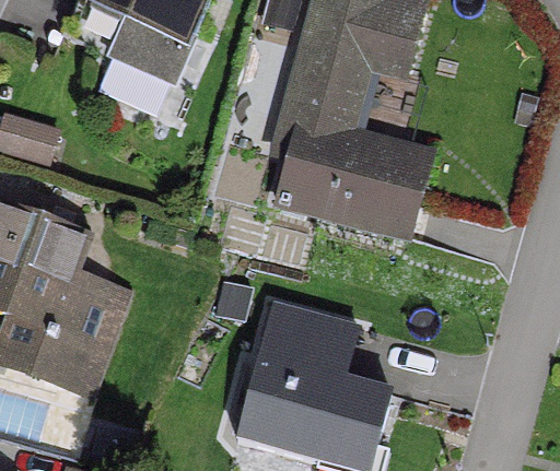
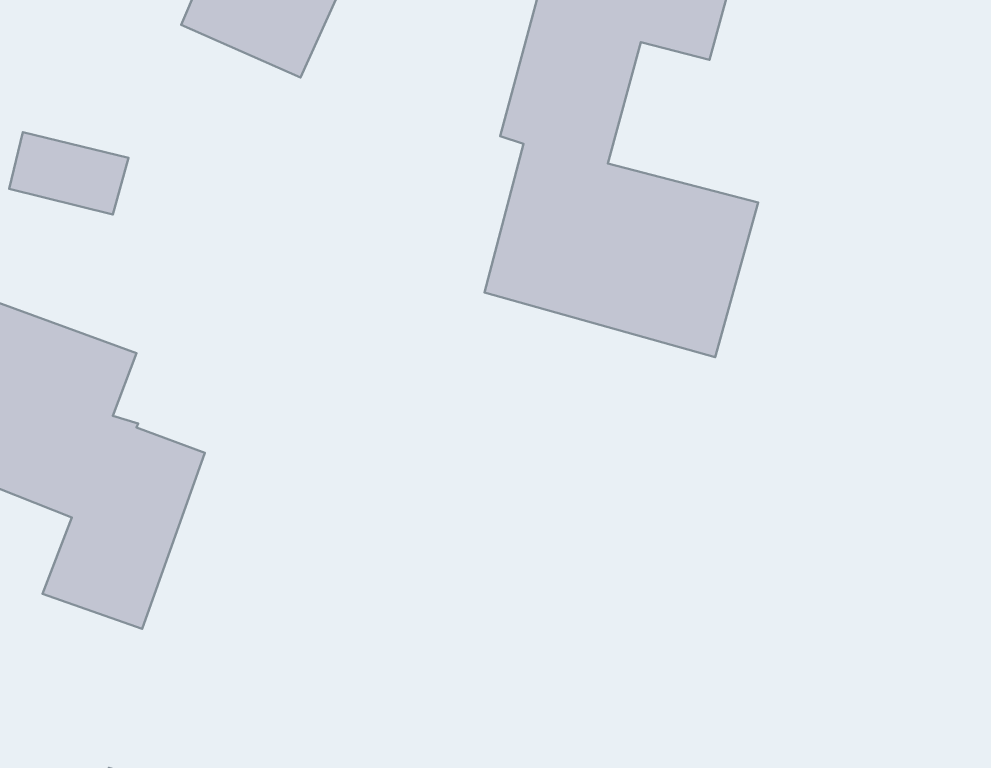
building: [235,304,389,462] -> none

